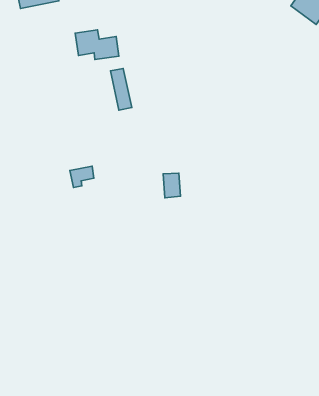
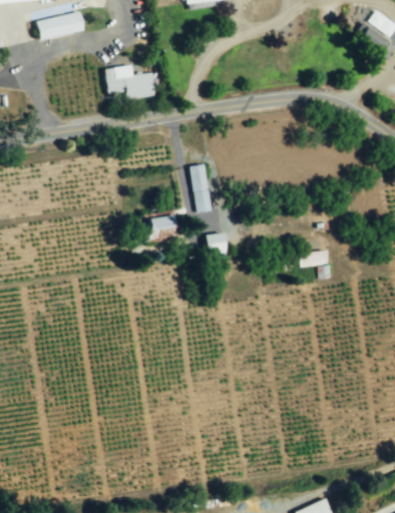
building: [110,68,132,110] -> [188,163,214,212]
building: [70,166,94,188] -> [147,213,175,238]
building: none -> [299,249,329,268]

